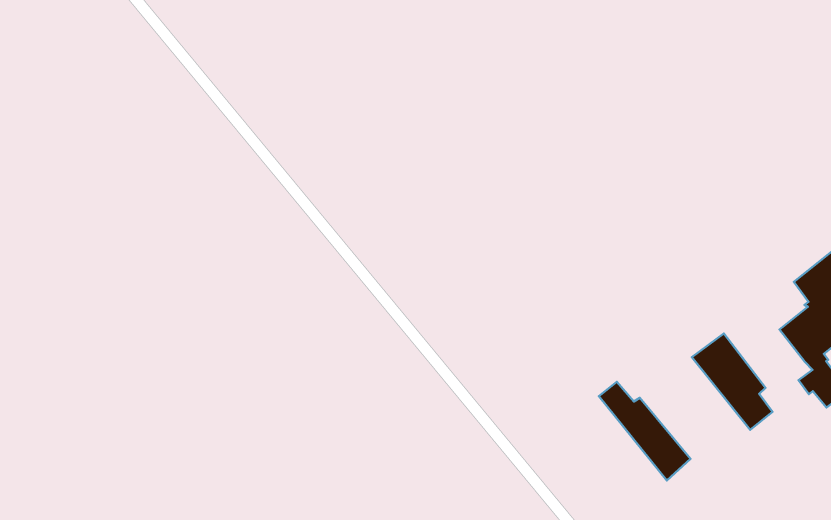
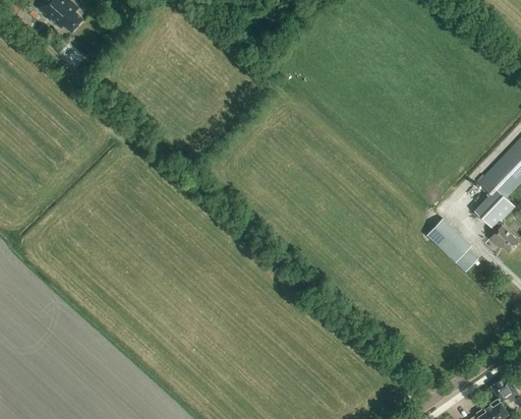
building: [599,382,691,481] -> none

